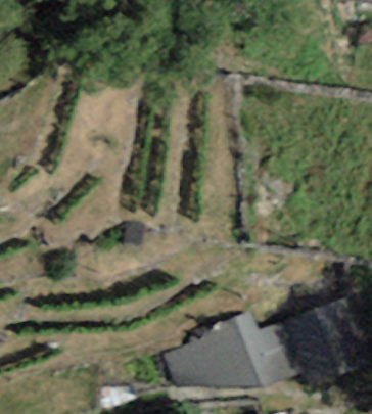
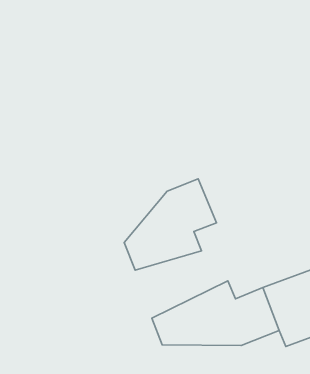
building: none -> [124,179,217,270]

